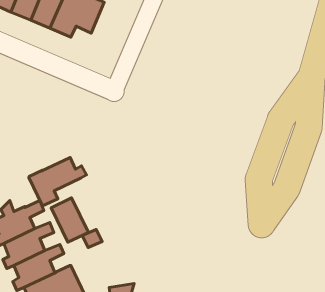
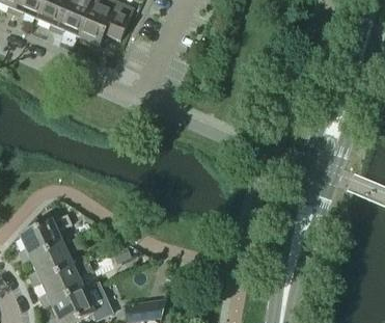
building: [29,157,87,206] -> none
building: [51,198,88,242] -> none

